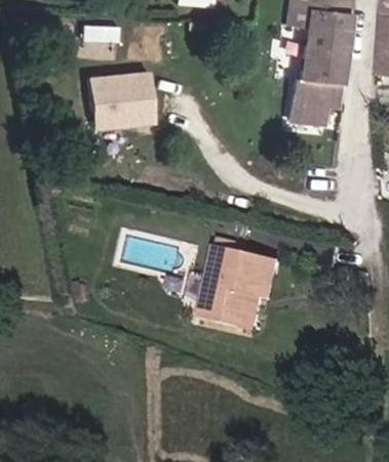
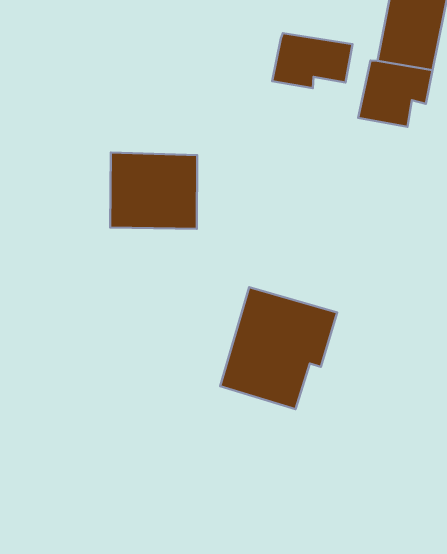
building: none -> [272,33,352,88]
building: [88,70,154,126] -> [110,152,197,229]

